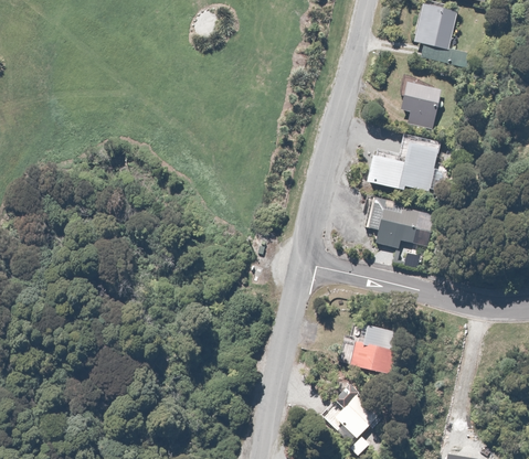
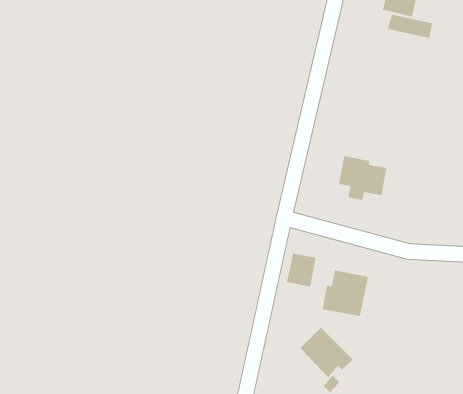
building: [400,75,442,127] -> none
building: [366,143,438,191] -> none
building: none -> [286,253,316,287]

